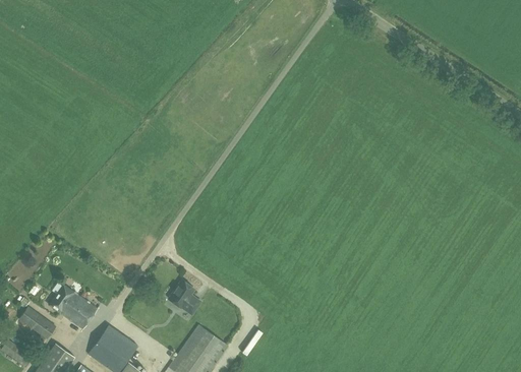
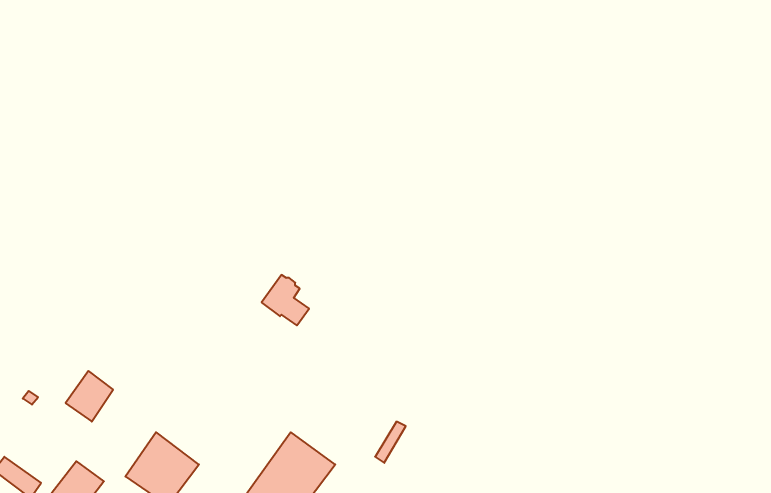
building: [169,280,200,313] -> [262,275,309,325]
building: [66,296,98,329] -> none
building: [18,306,56,338] -> none

